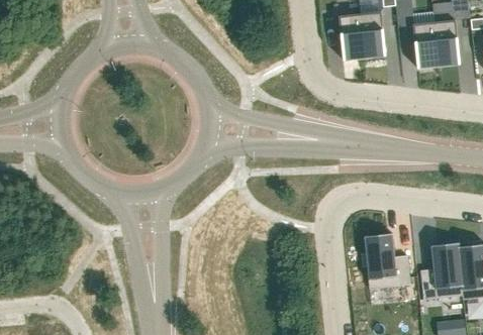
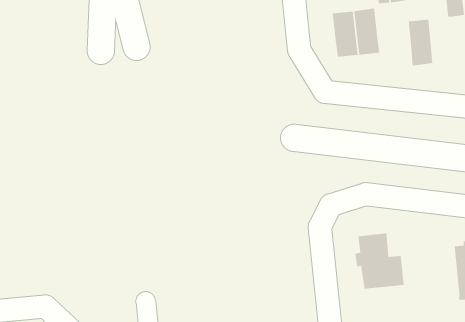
building: [433,20,459,66] -> none
building: [420,242,463,300] -> none

